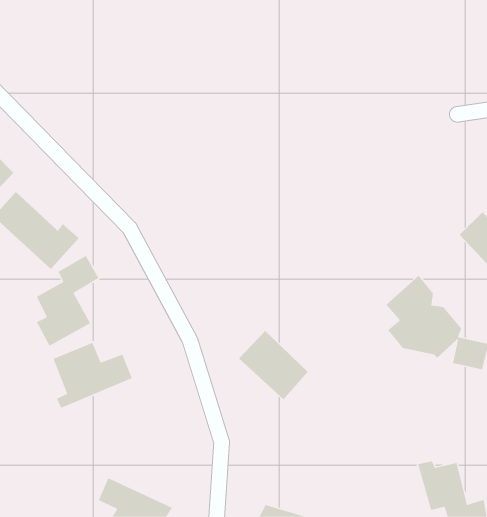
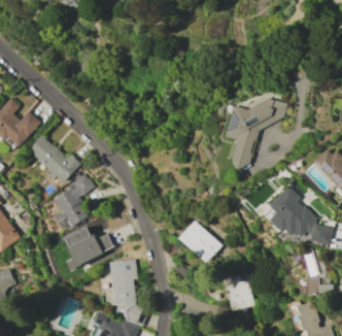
building: none -> [225,98,286,167]
building: none -> [305,249,327,295]
building: none -> [109,259,140,320]
building: none -> [223,271,254,310]

